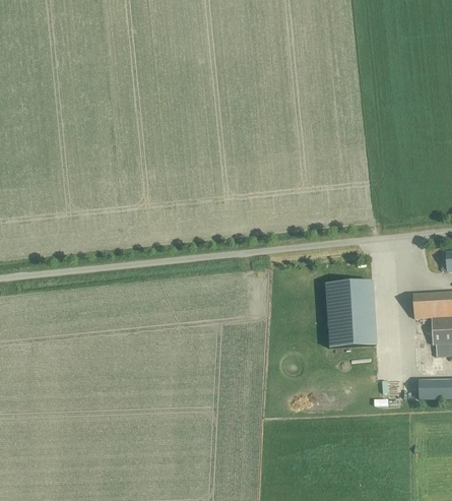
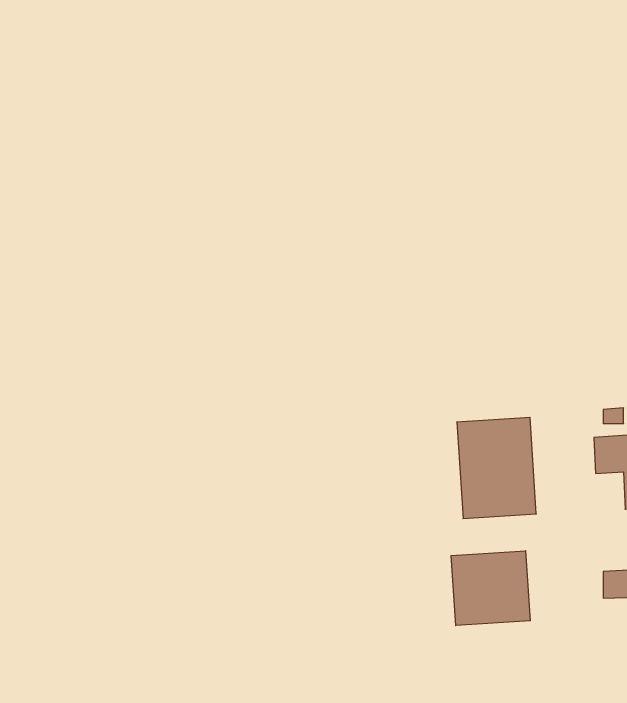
building: none -> [451,551,530,626]

